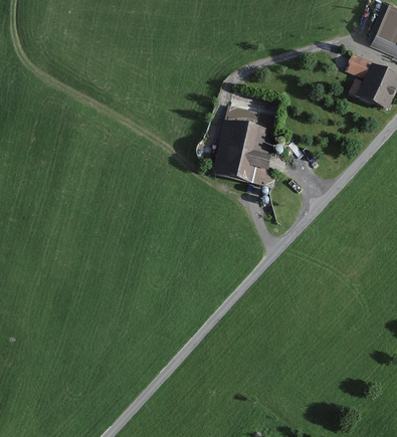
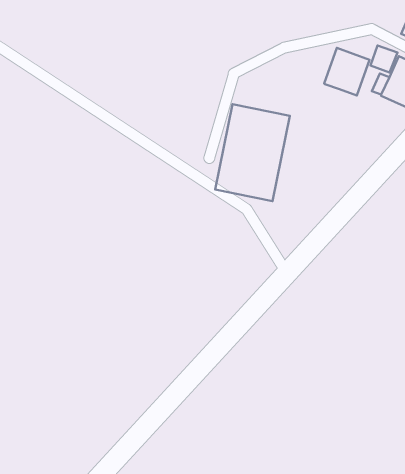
building: none -> [324,48,369,96]

